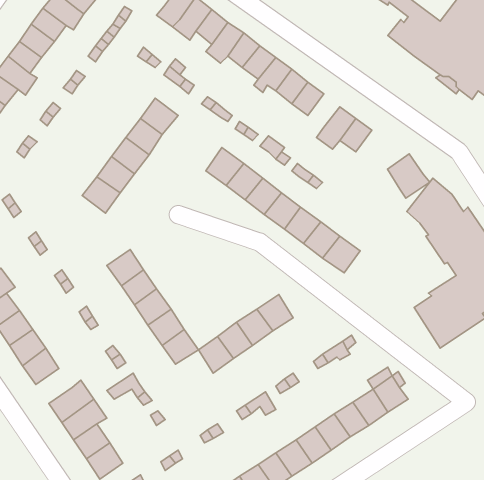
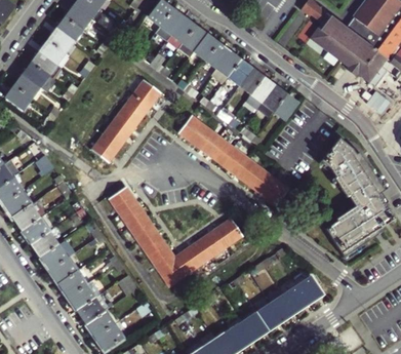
building: none -> [246,77,274,108]
building: [387,154,430,198] -> none
building: none -> [158,258,185,284]
building: none -> [59,266,91,296]

